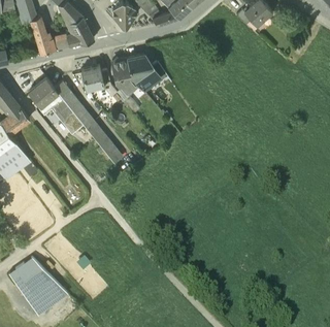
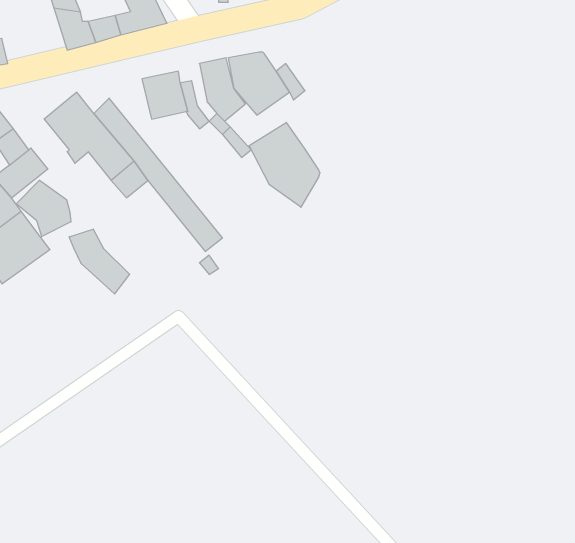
building: none -> [249,122,320,207]
building: none -> [16,180,71,237]
building: none -> [69,229,130,294]
building: [9,257,67,314] -> none

